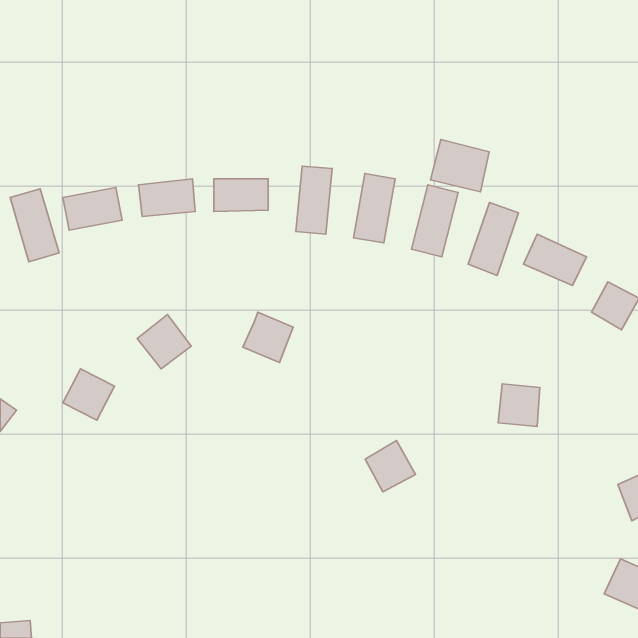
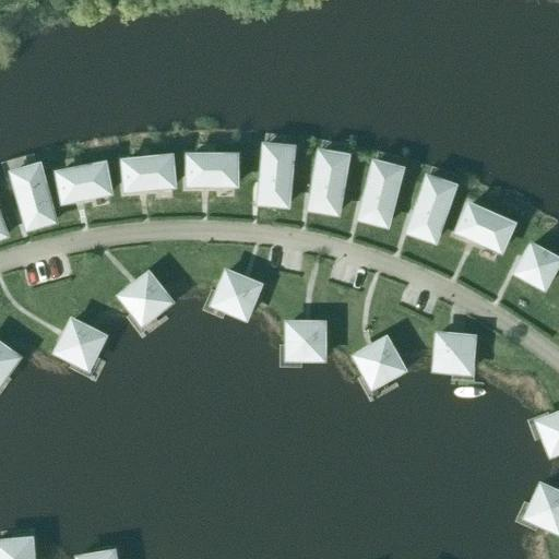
building: [430,140,489,192] -> none
building: none -> [289,322,323,356]
building: [365,440,415,492] -> [358,338,402,383]

